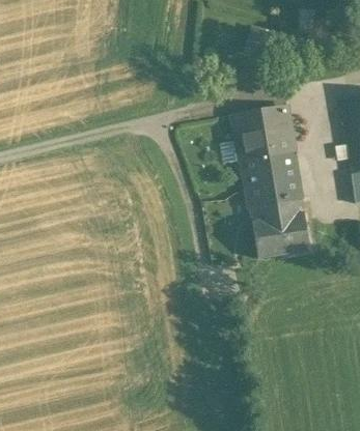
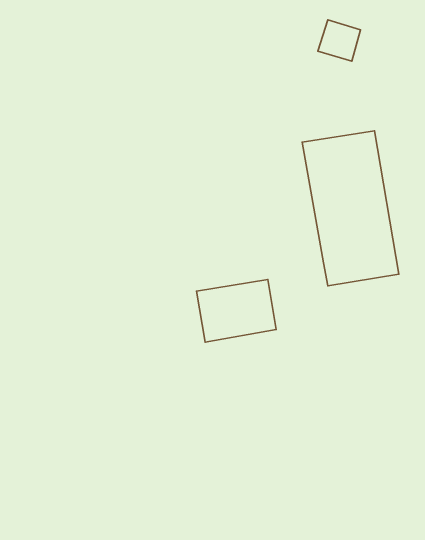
building: [253,211,311,257] -> [197,280,276,342]

